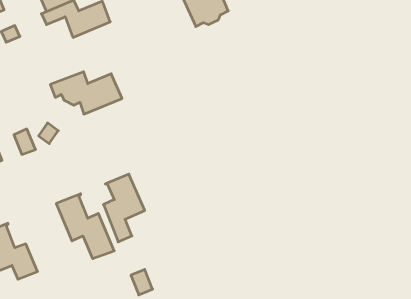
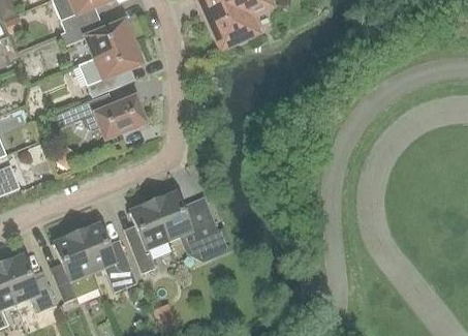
building: none -> [83,40,141,95]
building: none -> [152,190,232,257]
building: none -> [51,232,92,300]

